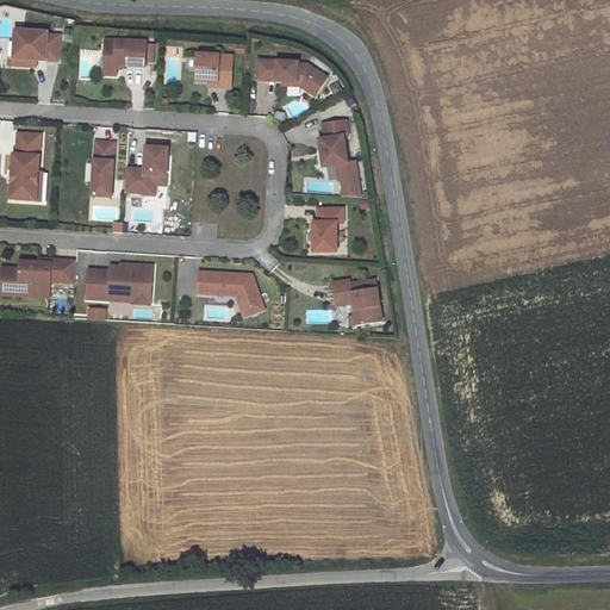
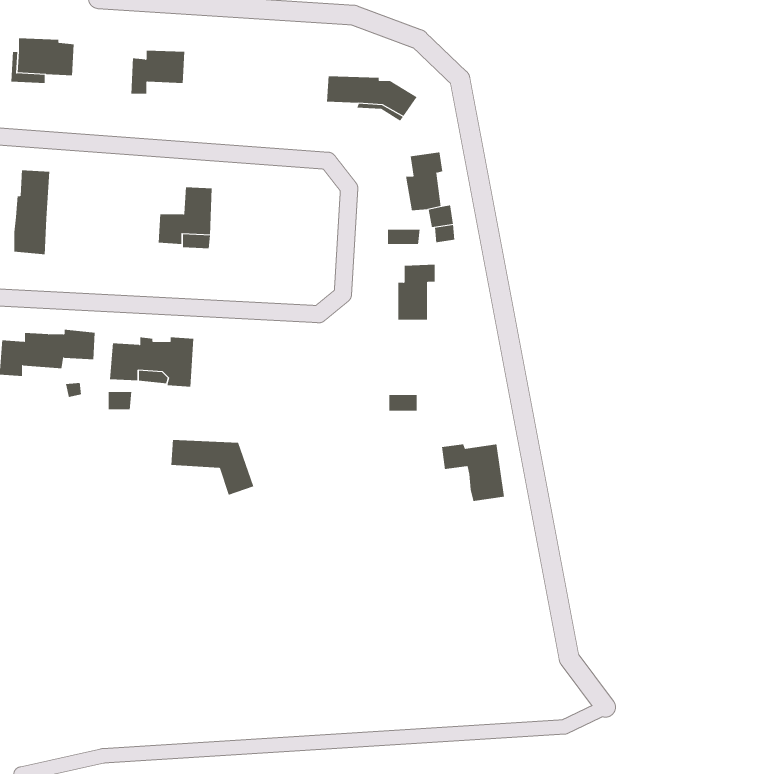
building: [195,52,232,87] -> none
building: [92,142,114,197] -> none
building: [198,272,263,316] -> [171,439,254,496]
building: [331,279,381,324] -> [441,444,505,501]

